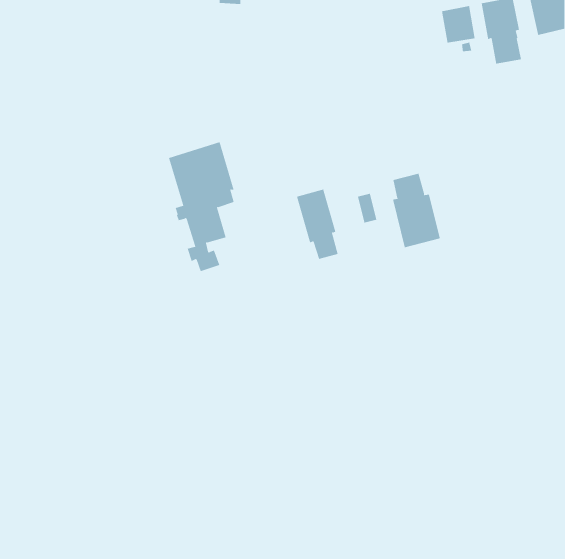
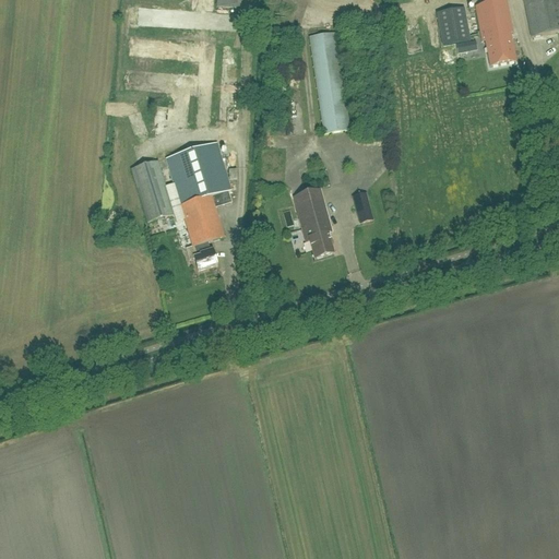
building: none -> [309,31,349,131]
building: none -> [131,158,175,219]
building: [392,173,441,248] -> none

